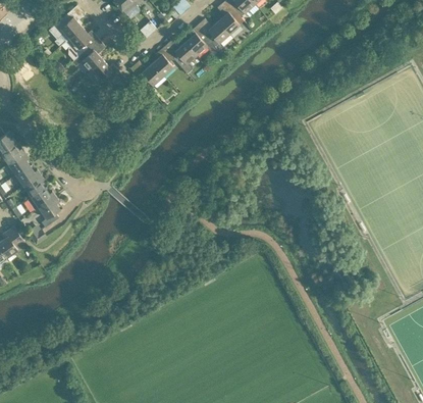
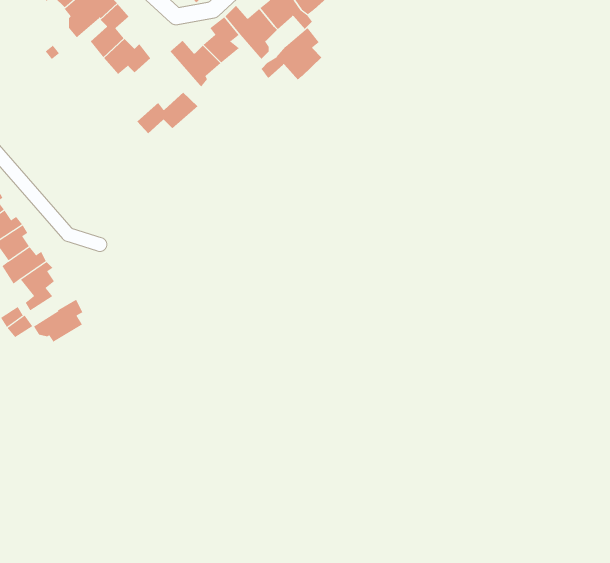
building: none -> [261,27,322,80]
building: none -> [136,92,198,134]
building: none -> [33,299,83,343]

